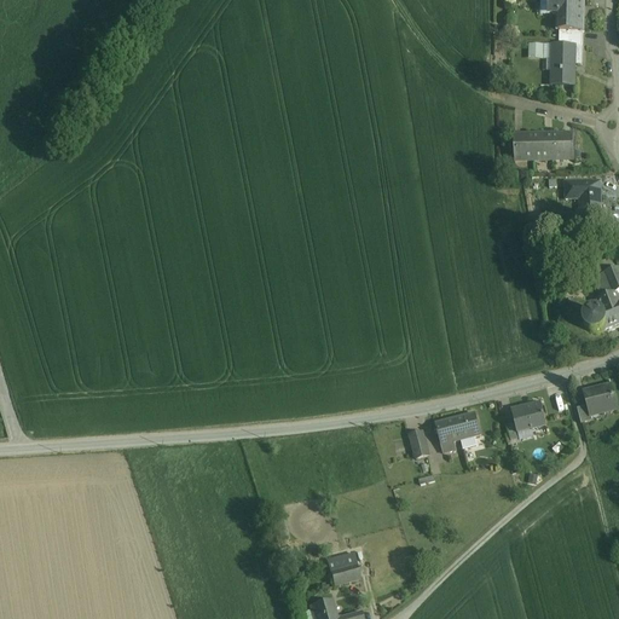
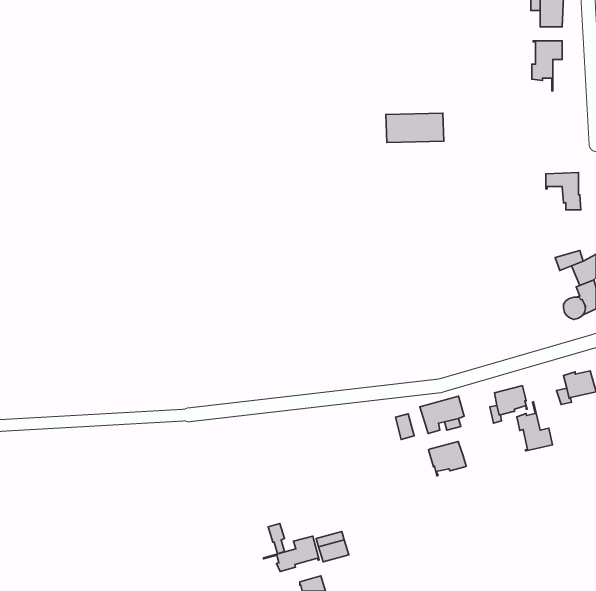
building: [514,129,574,160] -> [386,113,444,142]
building: none -> [517,402,553,451]
building: none -> [428,442,466,476]
building: none -> [263,536,319,572]

